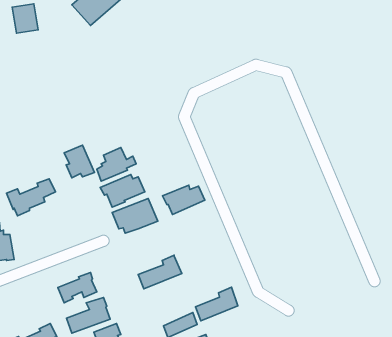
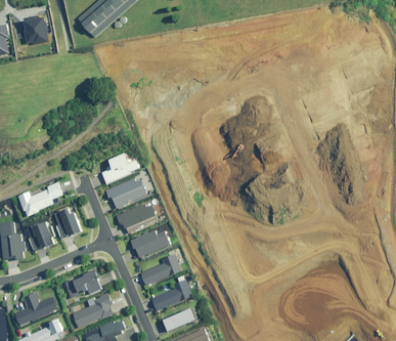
building: [64,145,95,178] -> [53,206,82,237]
building: [163,185,205,214] -> [131,229,171,257]
building: none -> [29,221,55,250]
building: [196,287,238,321] -> [152,279,192,310]
building: none -> [15,292,60,325]

